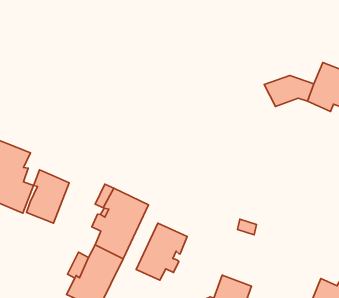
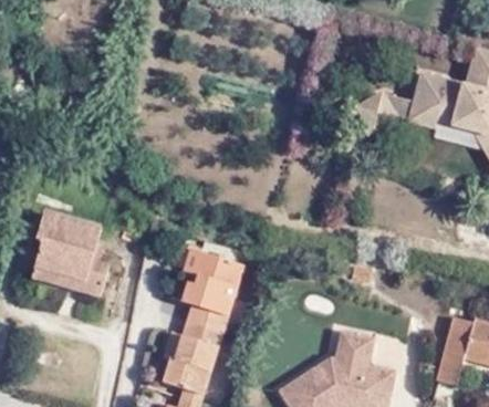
building: [26,170,69,223] -> none
building: [136,223,187,280] -> none

